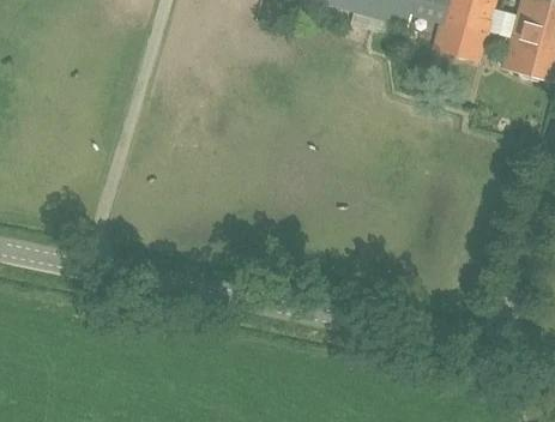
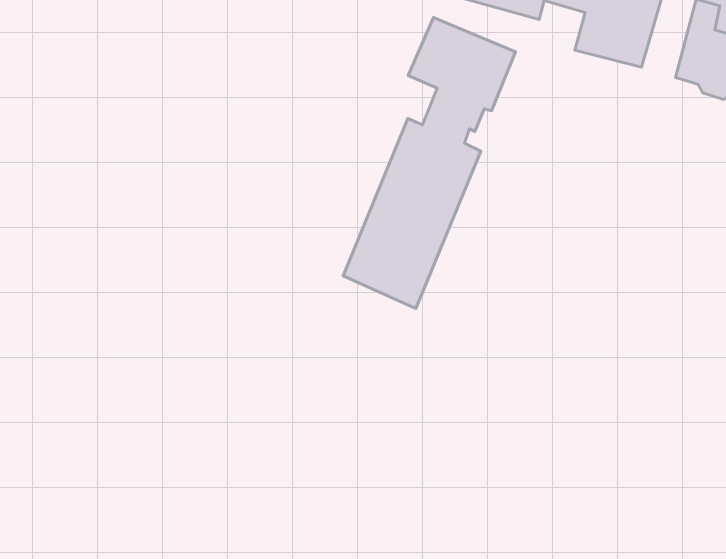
building: none -> [343,17,516,308]

